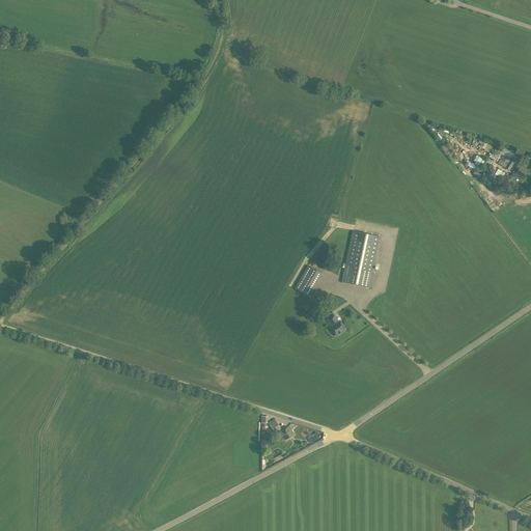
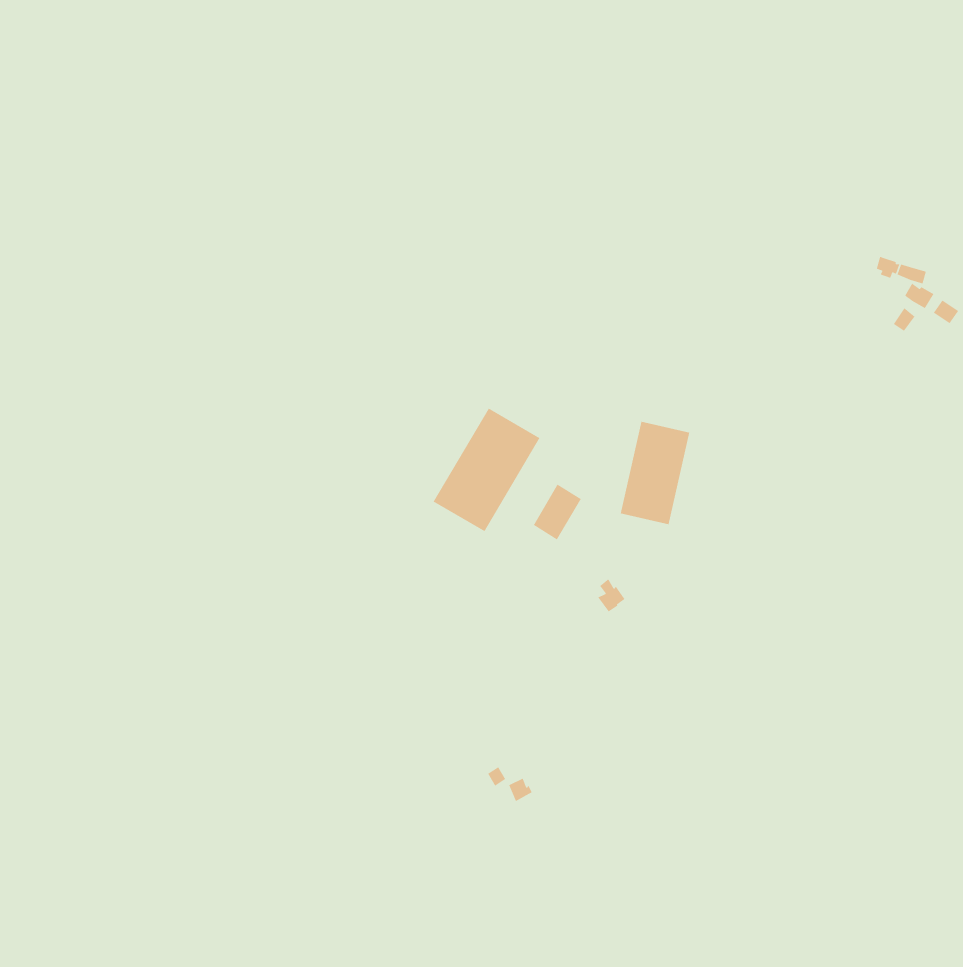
building: none -> [433,407,541,532]

